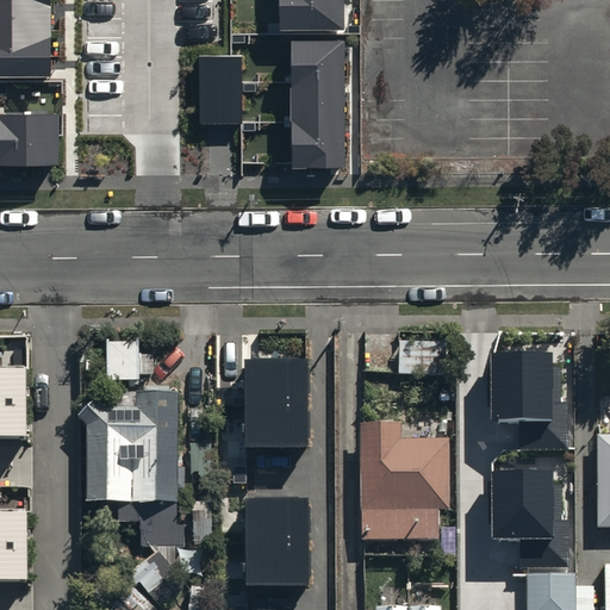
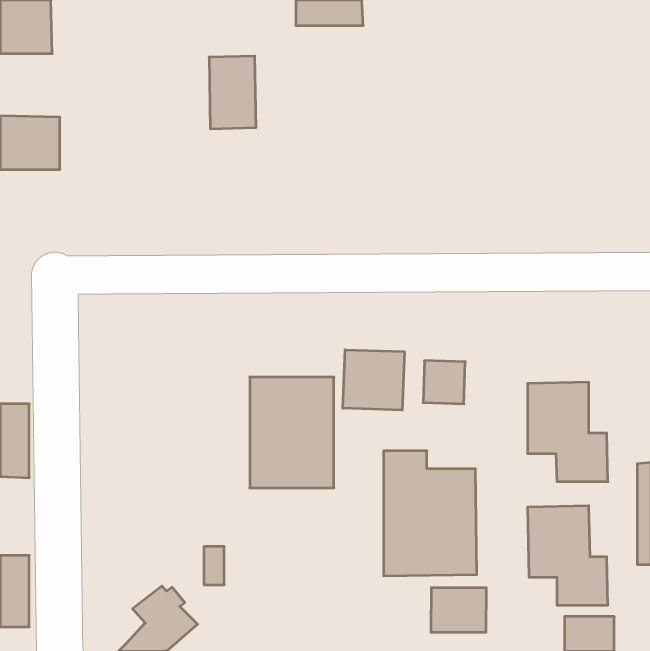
building: [291,43,346,172] -> none
building: none -> [343,350,404,410]
building: [76,348,185,544] -> none
building: [236,490,315,593] -> none
building: none -> [431,588,486,632]

